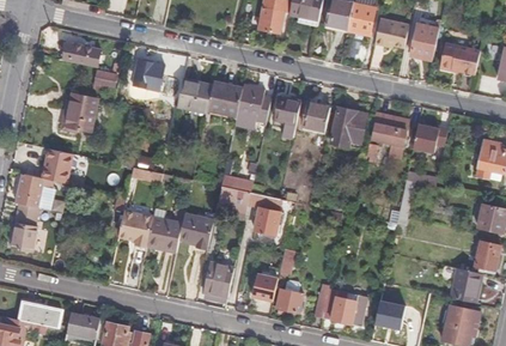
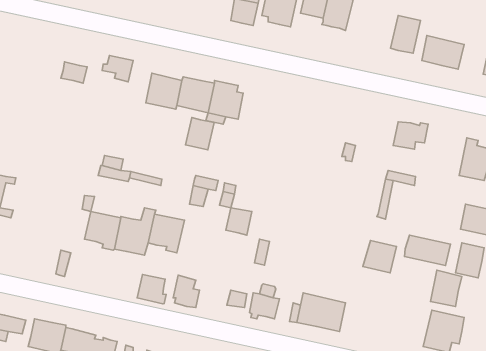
building: [373,18,409,48] -> none
building: [61,42,100,67] -> none
building: [59,92,97,133] -> none
building: [272,97,299,128] -> [185,117,214,150]
building: [303,102,329,134] -> none
building: [329,108,367,147] -> none
building: [368,113,408,158] -> none
building: [42,147,68,181] -> none
building: none -> [405,235,450,265]
building: none -> [137,275,166,304]
building: [377,297,409,328] -> [363,240,397,273]

